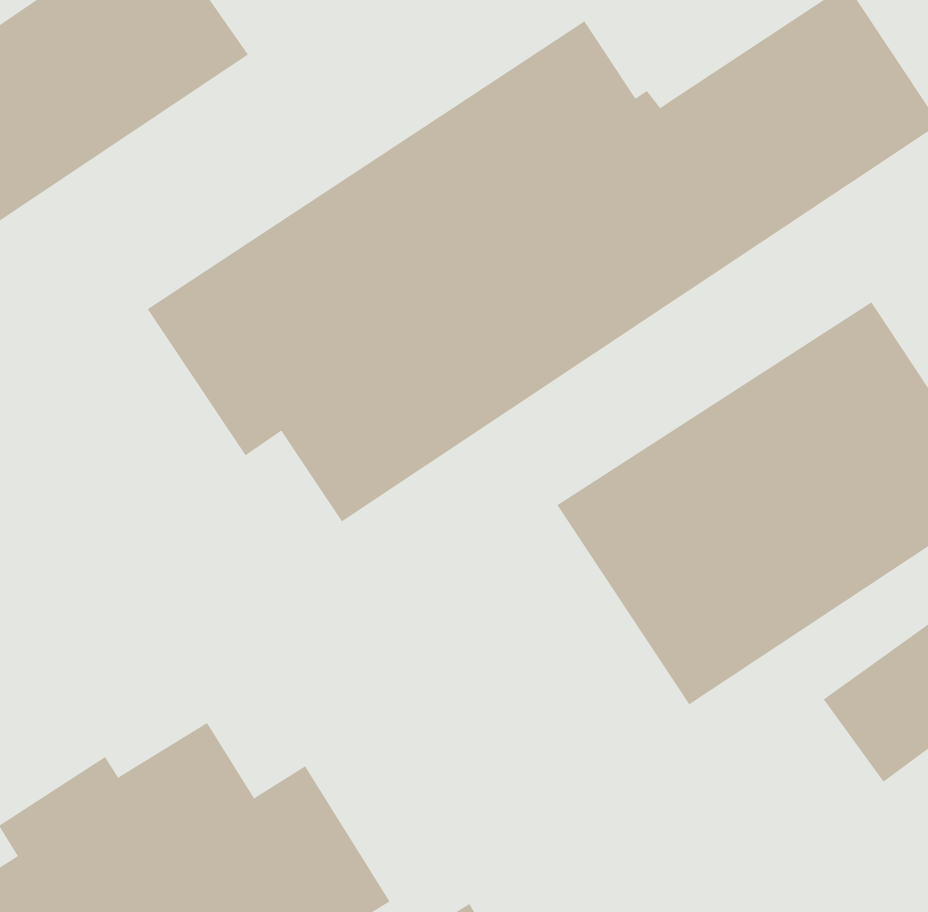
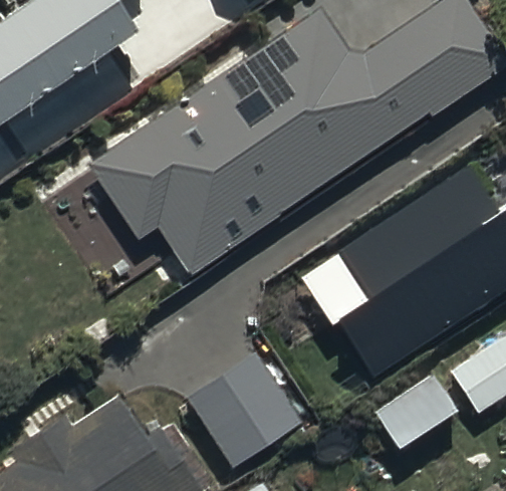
building: none -> [185,350,301,466]

